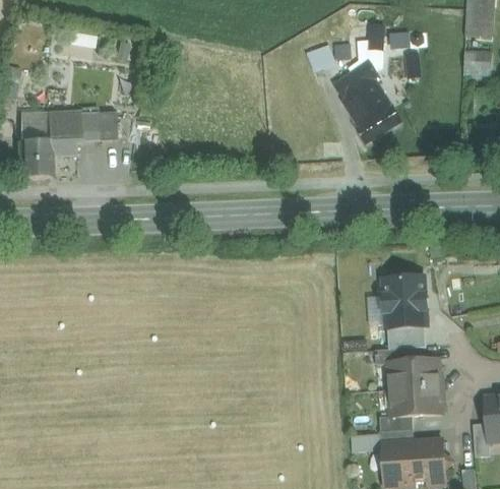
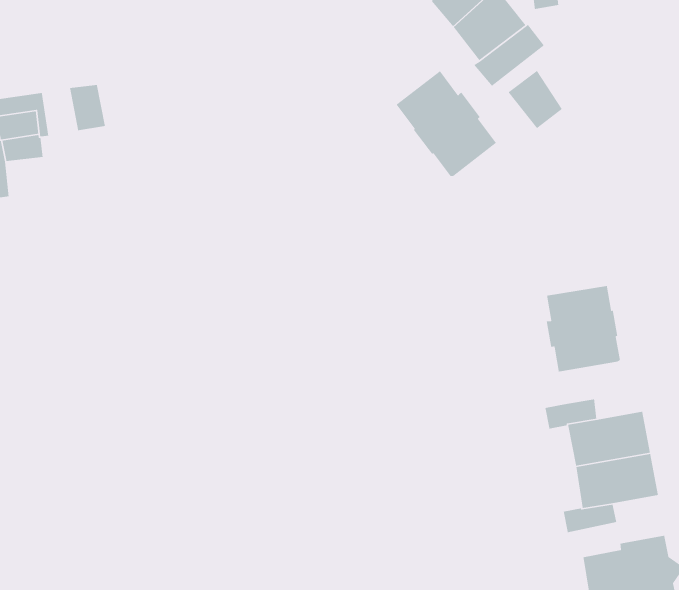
building: [79,111,99,140] -> none
building: none -> [396,70,497,177]
building: none -> [508,70,563,129]
building: [387,325,426,348] -> none
building: [378,427,414,448] -> none

